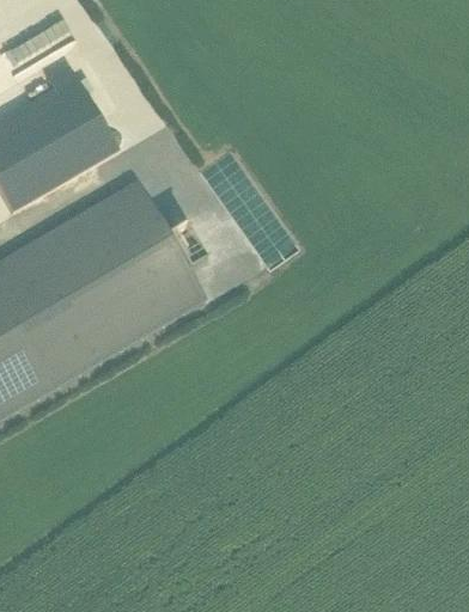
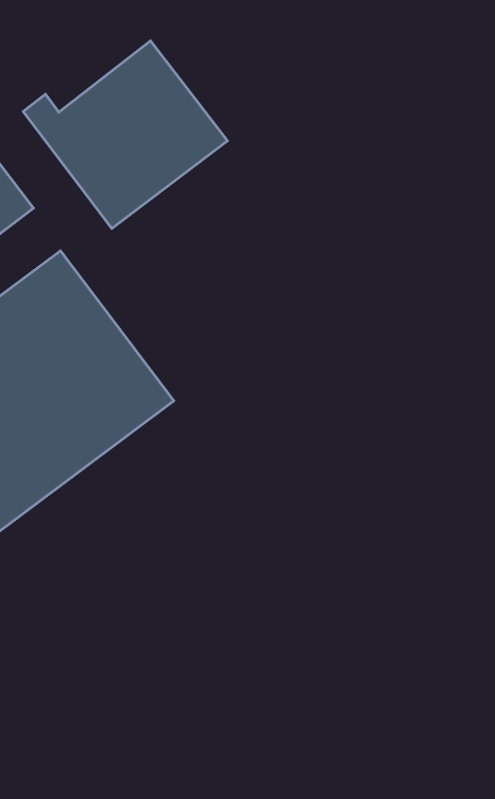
building: none -> [23,41,228,229]

